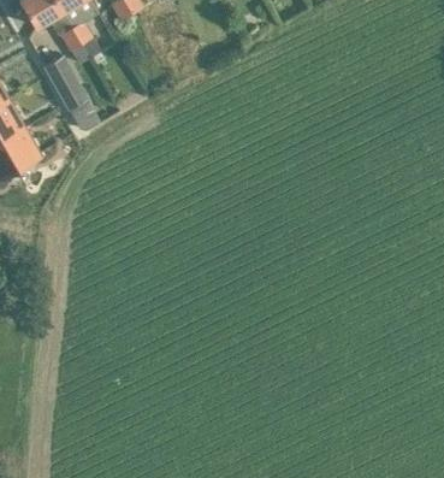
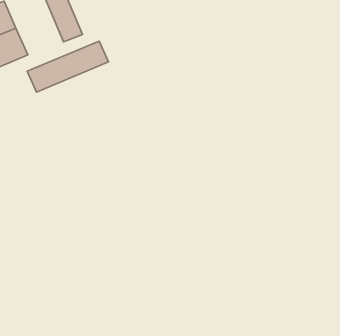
building: none -> [27,41,108,92]

